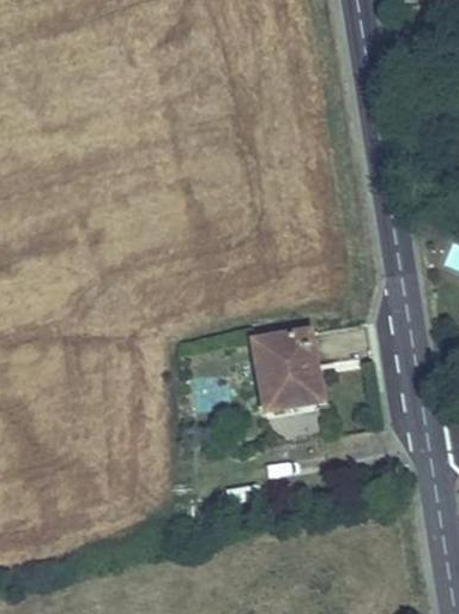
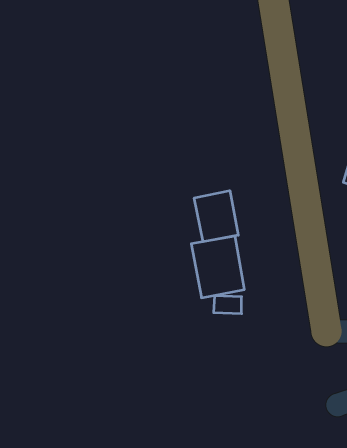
building: none -> [194,191,238,242]

